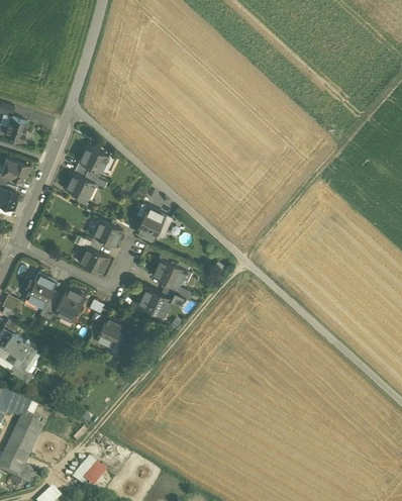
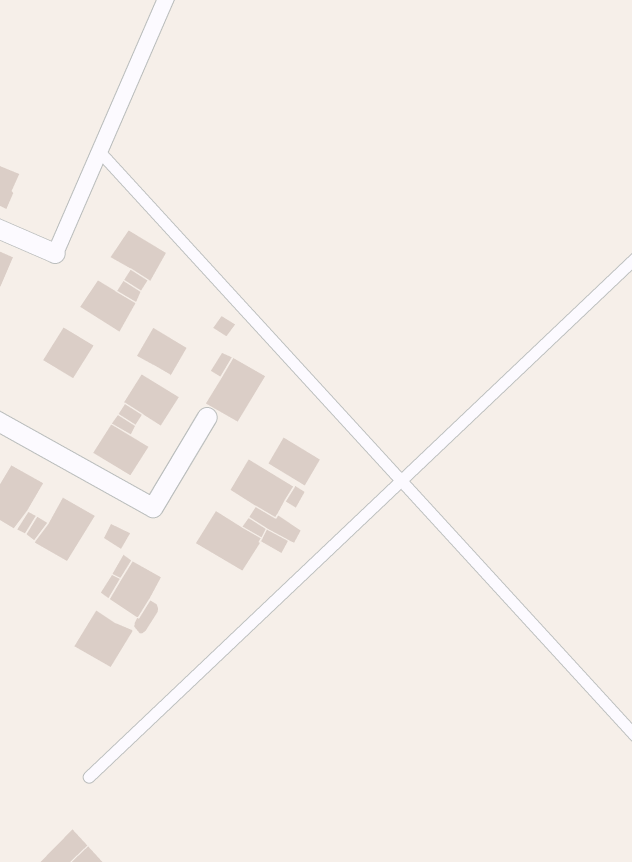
building: none -> [136,327,188,377]
building: none -> [42,326,94,379]
building: none -> [267,436,321,487]
building: none -> [74,610,133,668]

